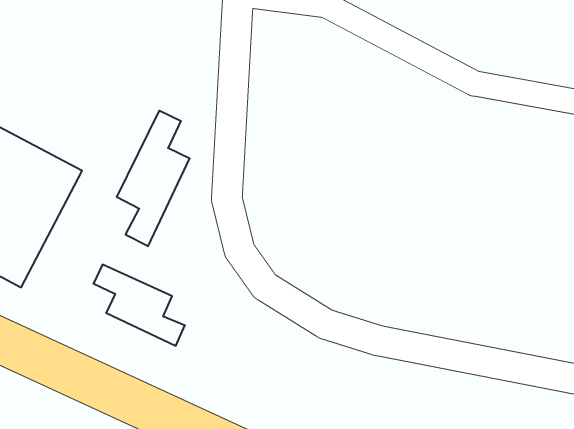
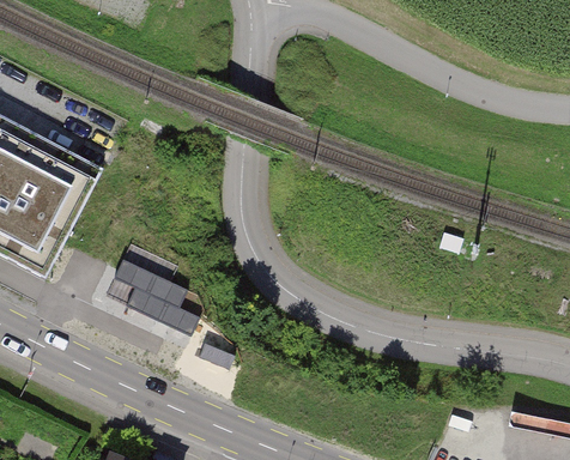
building: [117,111,190,246] -> none

